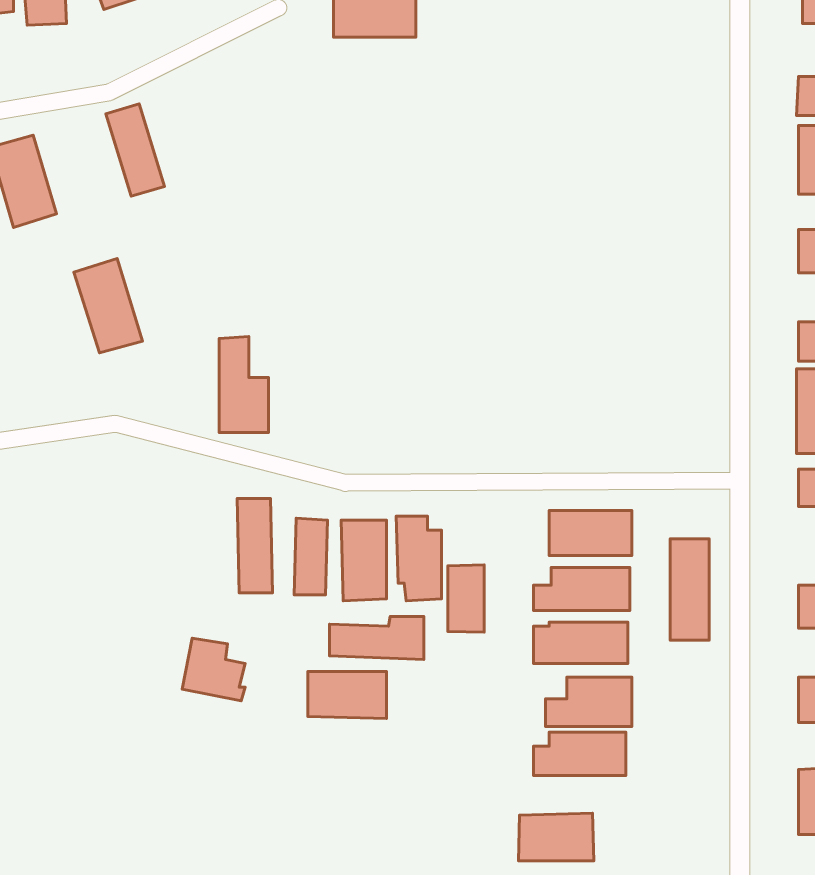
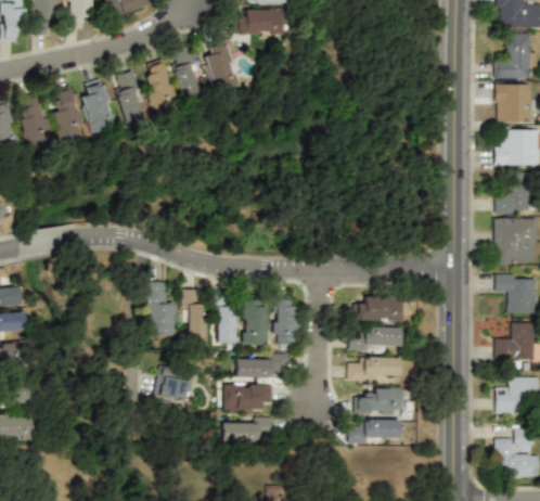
building: none -> [205,42,240,92]
building: none -> [170,47,207,103]
building: none -> [141,61,178,114]
building: [74,259,143,353] -> [79,81,117,133]
building: [219,336,268,433] -> [151,282,178,335]
building: [670,539,709,640] -> none
building: [448,565,484,632] -> none
building: none -> [222,418,274,440]
building: [519,813,594,861] -> none

